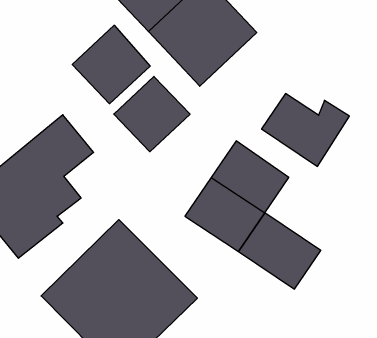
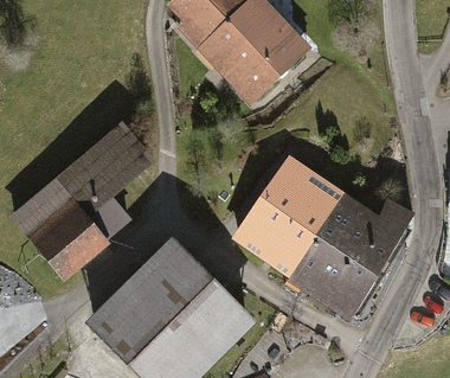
building: [72,25,150,104] -> none
building: [114,76,190,152] -> none
building: [262,94,349,166] -> [320,198,411,274]

